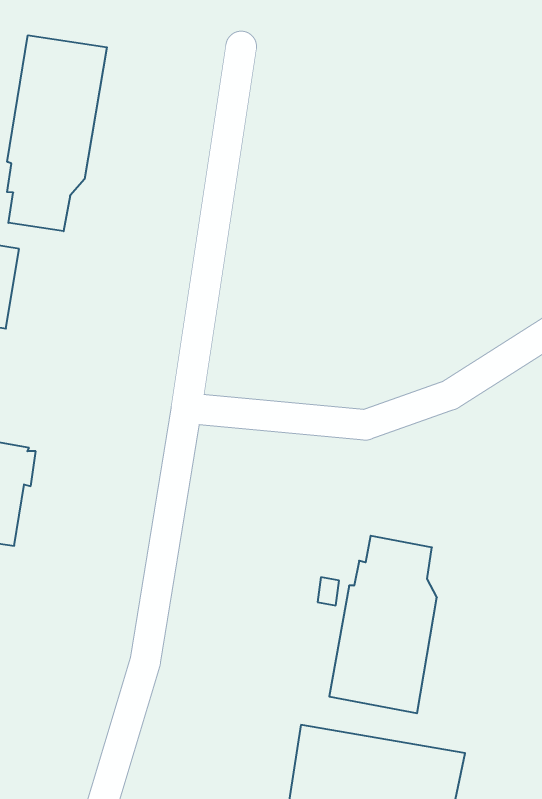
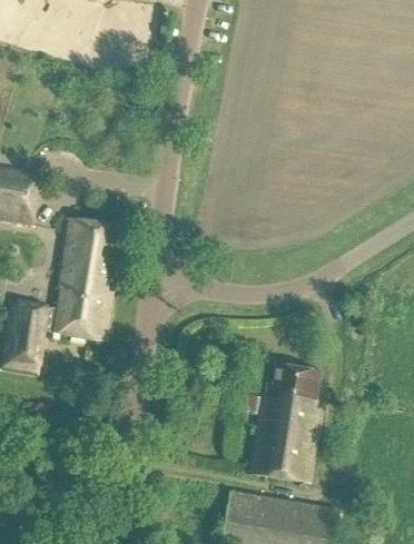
building: [7,35,107,231] -> none
building: none -> [49,217,117,339]

